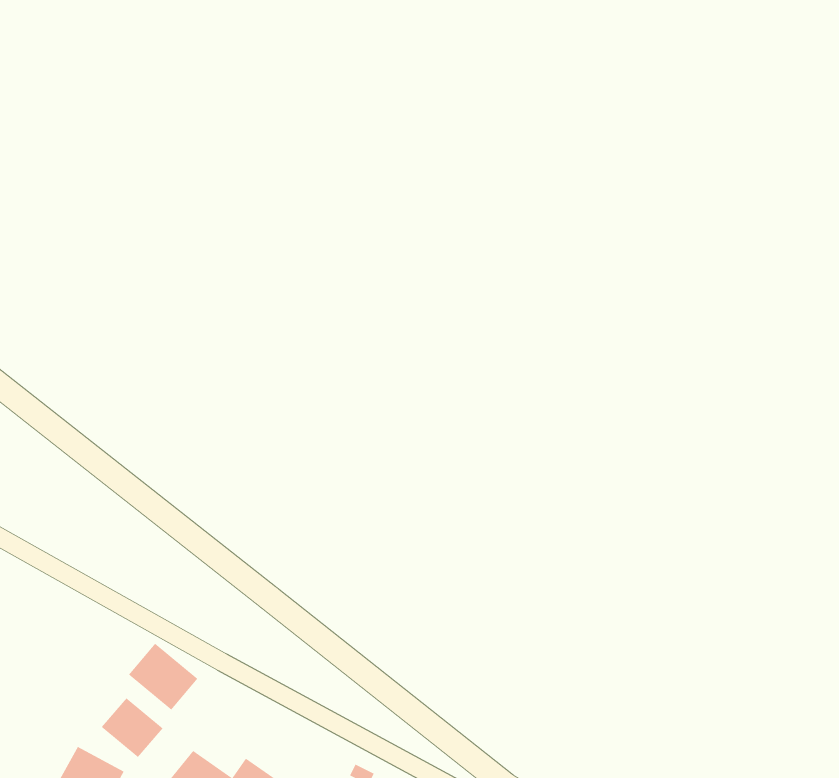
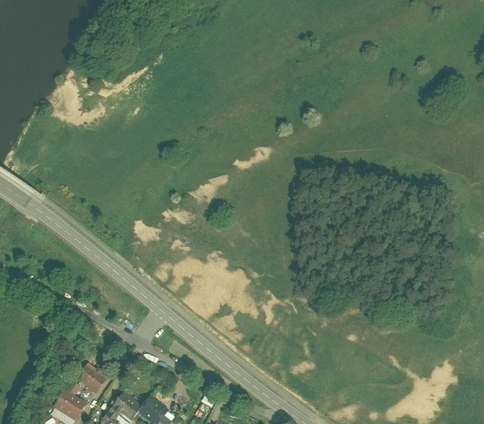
building: [128,643,198,711] -> none

